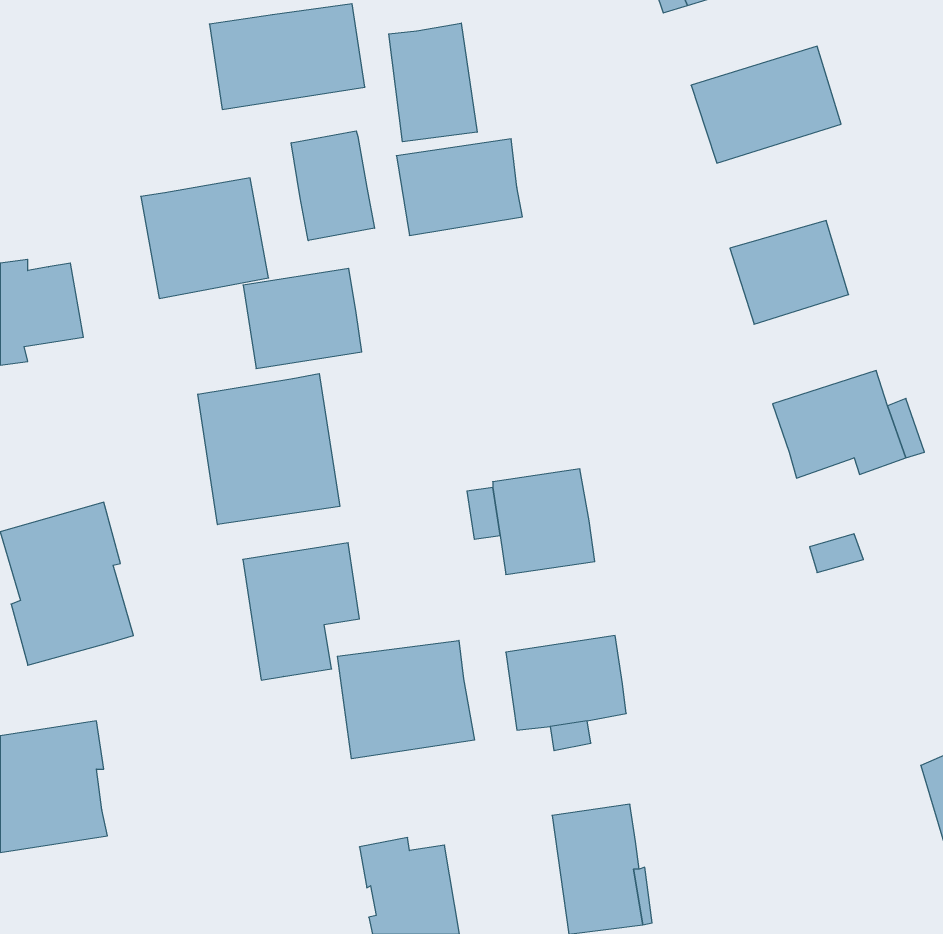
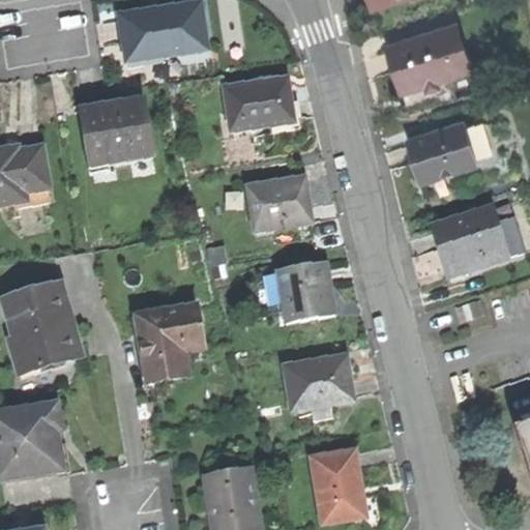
building: [389,23,477,142] -> none
building: [291,131,375,241] -> none
building: [243,268,362,369] -> [245,177,312,233]
building: [198,374,340,525] -> none
building: [337,640,474,759] -> none

